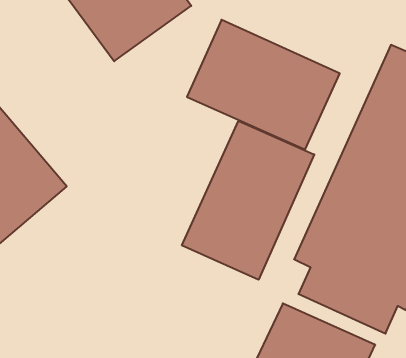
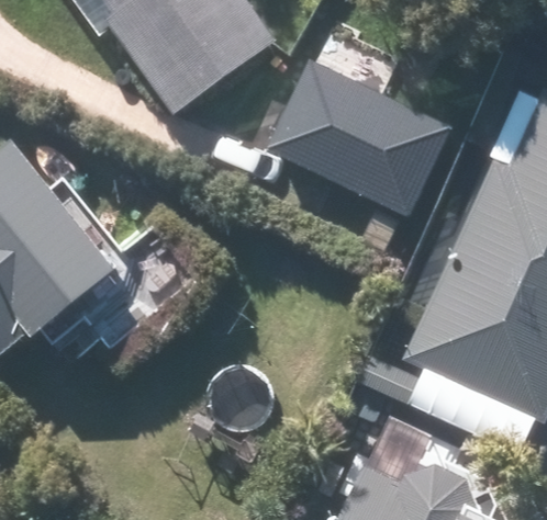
building: [182,121,314,280] -> none

